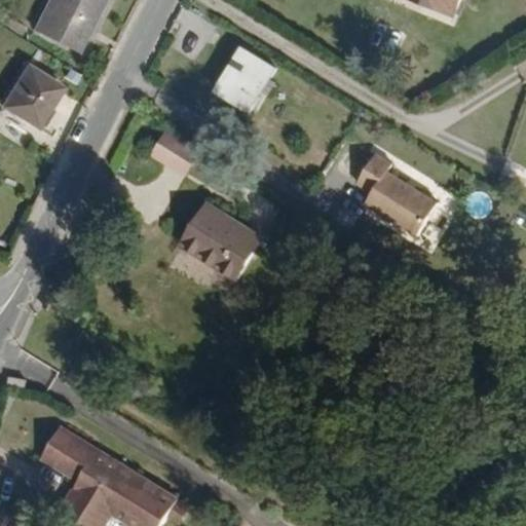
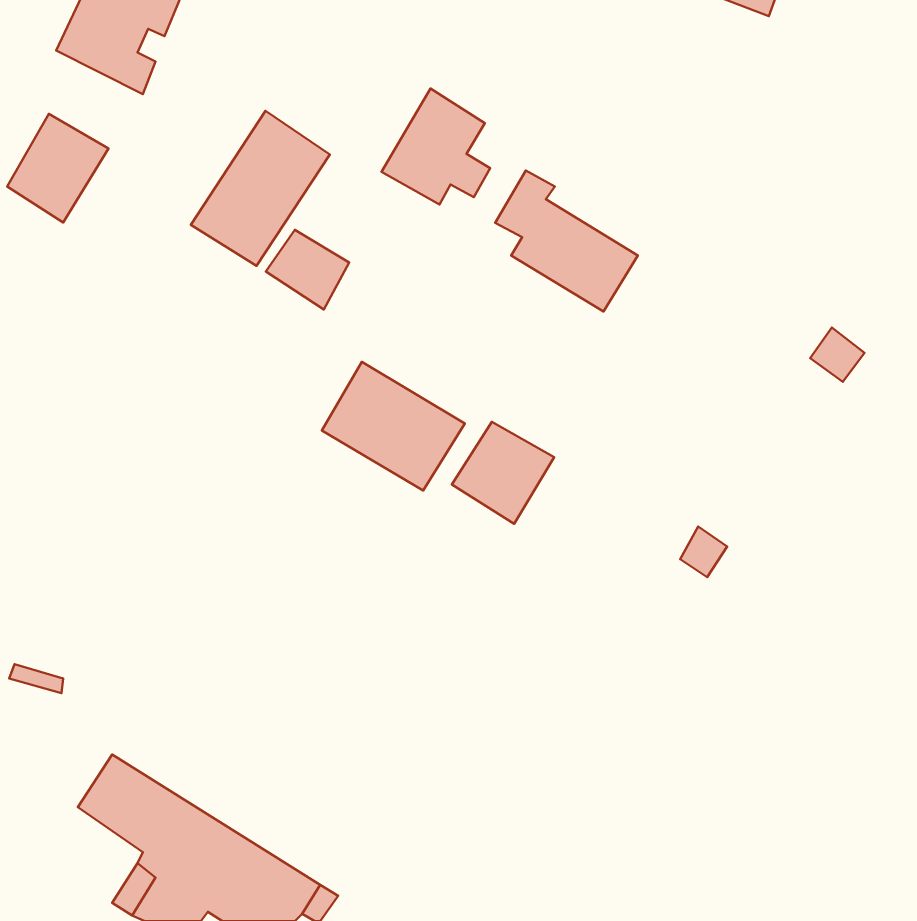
building: none -> [191,111,330,266]
building: [351,149,433,229] -> [495,170,638,311]
building: none -> [452,422,554,524]

